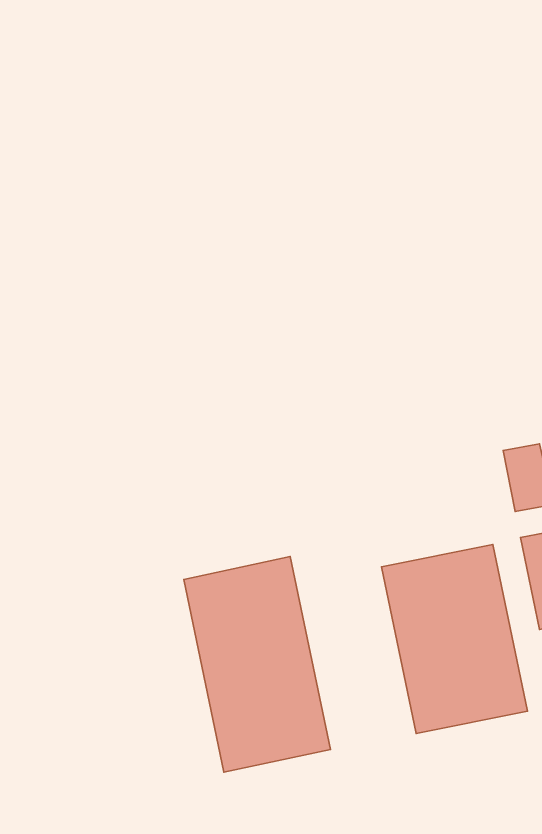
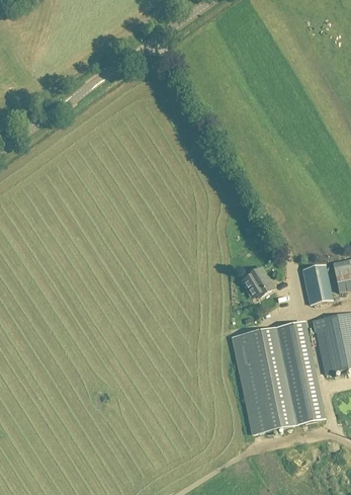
building: none -> [241,265,273,297]
building: [184,557,330,772] -> none

